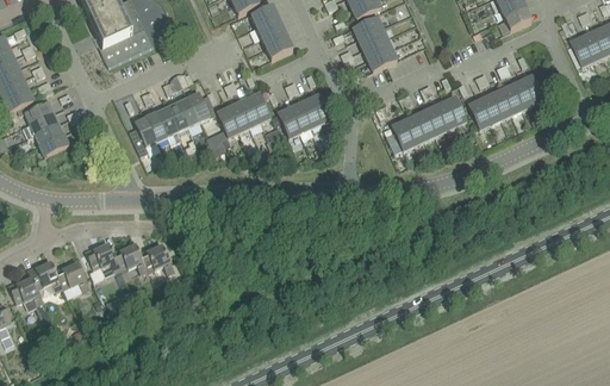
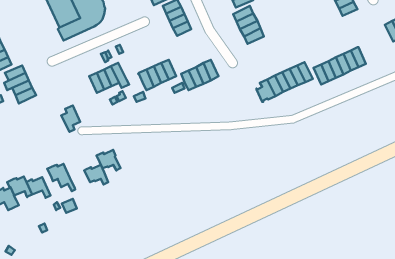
building: [187,91,217,120] -> none
building: [129,116,156,154] -> [61,105,80,132]
building: [112,242,147,272] -> [97,150,121,171]

